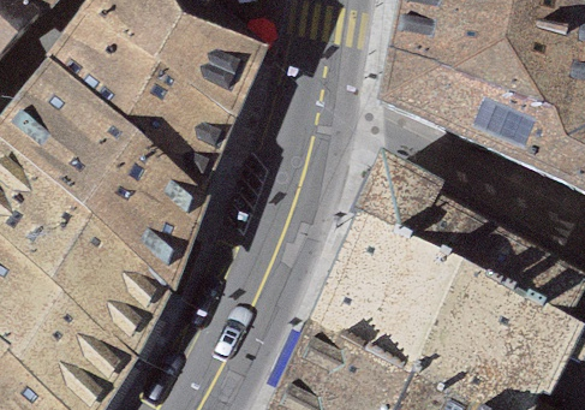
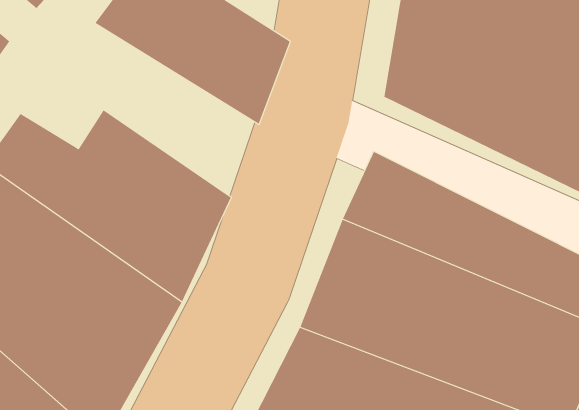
building: [23,29,251,196] -> none

